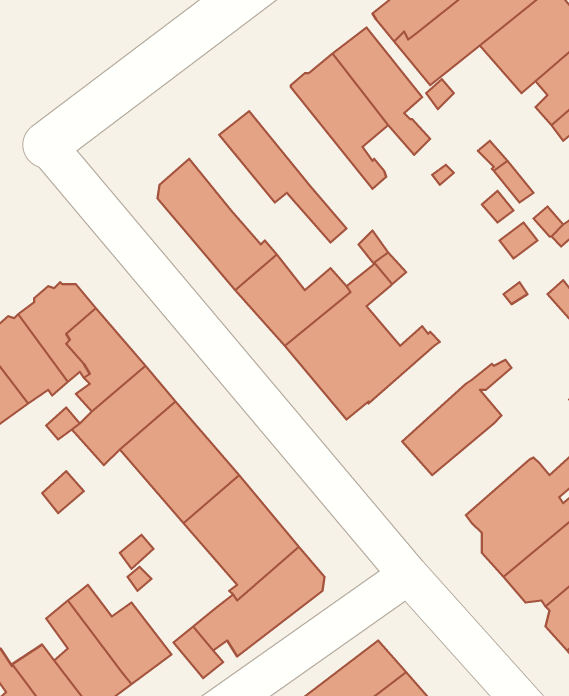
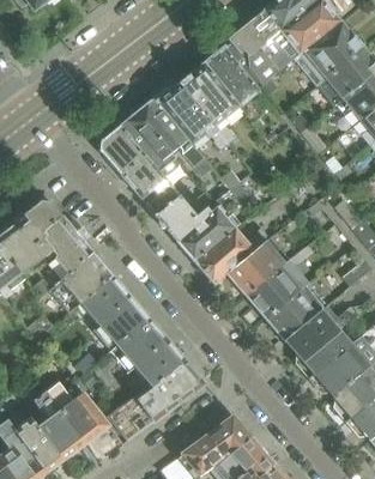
building: none -> [155,84,229,150]
building: none -> [119,113,180,178]
building: none -> [226,237,289,297]
building: none -> [265,281,326,341]

